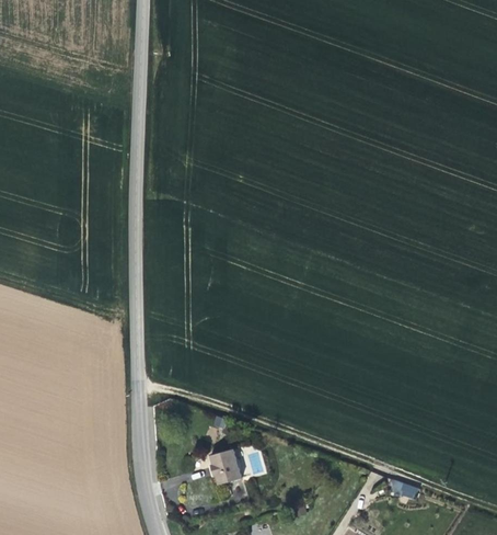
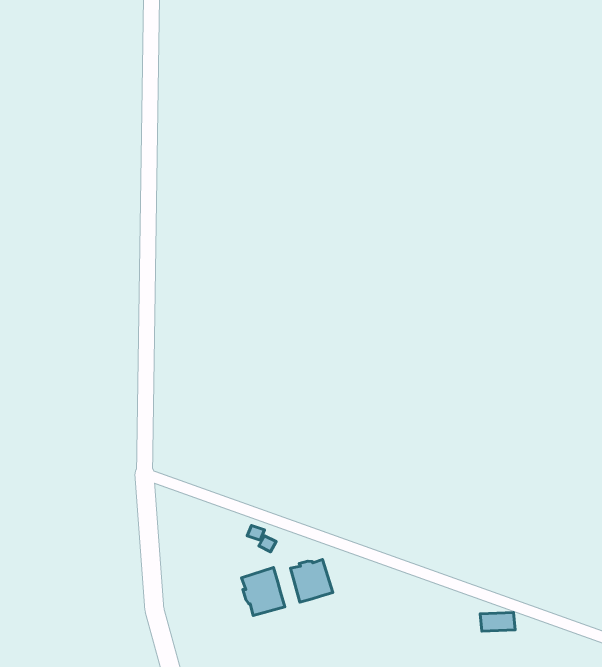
building: none -> [290,559,333,602]

